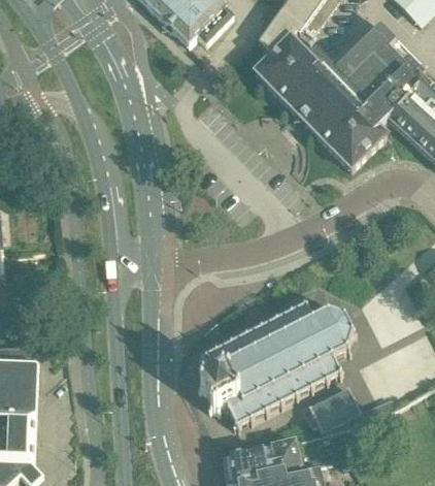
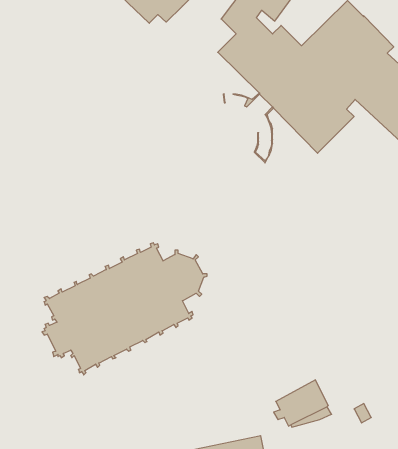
building: [197,301,356,428] -> [42,243,207,375]

